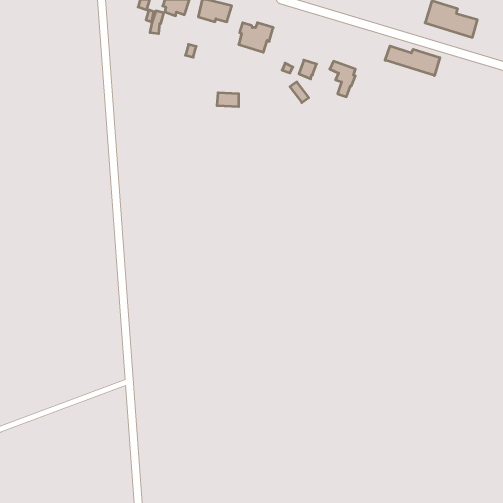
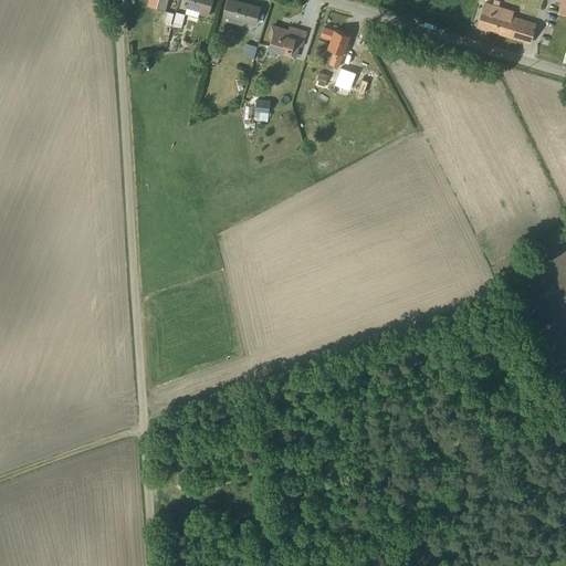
building: [385,46,440,76] -> none
building: [330,61,355,97] -> [321,27,349,66]

